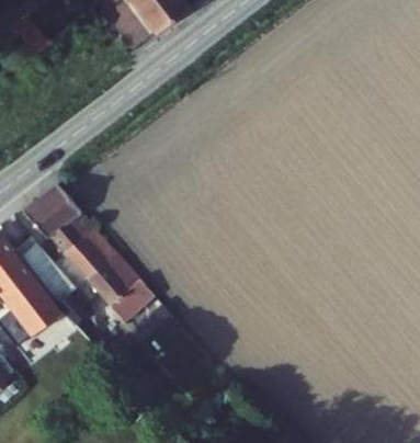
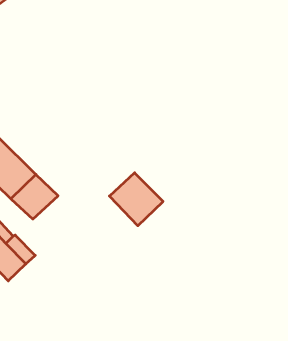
building: [83,257,143,316] -> [109,173,163,226]

